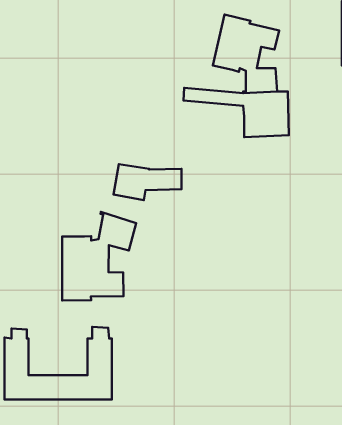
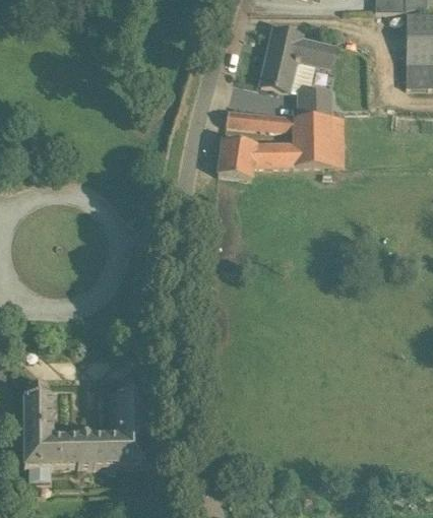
building: [113,164,181,200] -> [216,137,294,178]
building: [62,212,136,300] -> none

